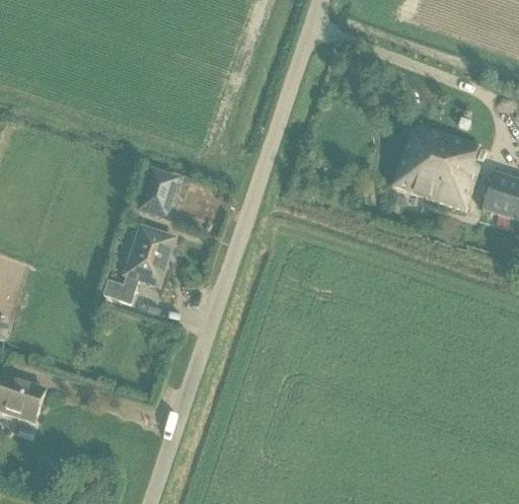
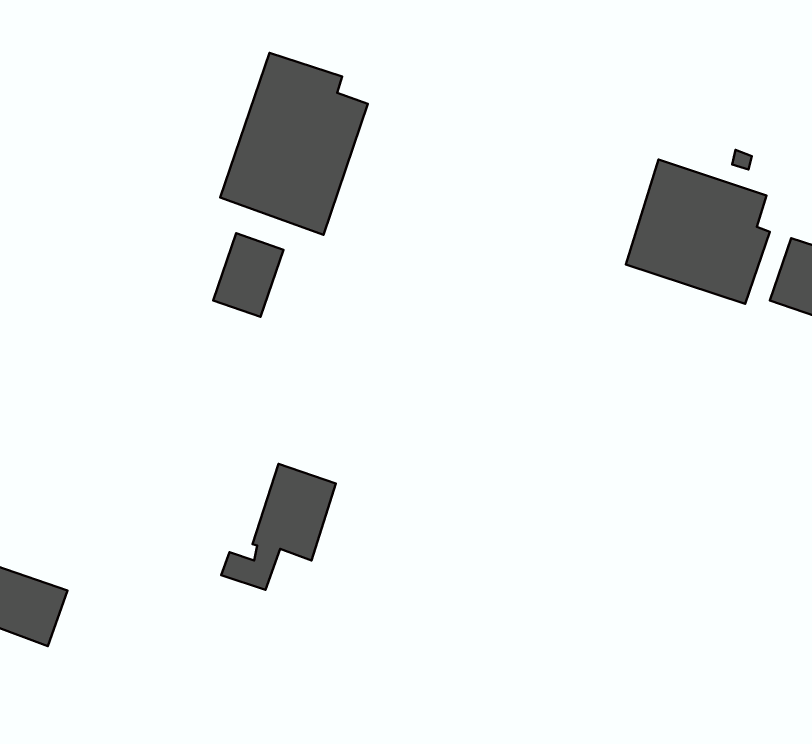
building: none -> [220,53,368,235]
building: [103,225,174,303] -> [221,464,336,590]

